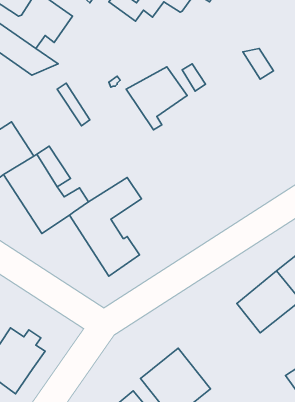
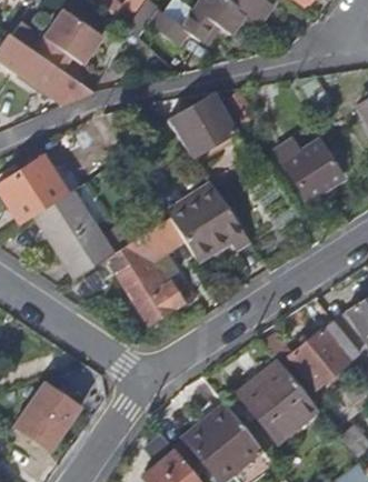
building: none -> [277,140,346,201]
building: none -> [167,181,250,259]
building: none -> [245,361,318,442]

